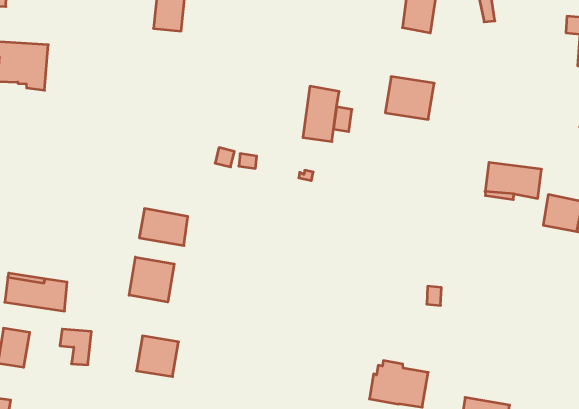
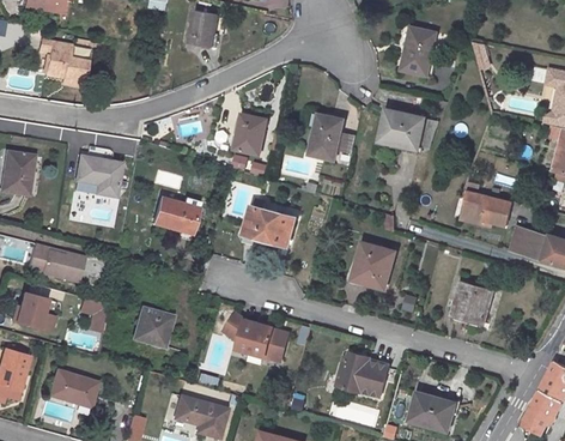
building: none -> [231,113,263,155]
building: none -> [78,156,123,197]
building: none -> [245,198,296,243]
building: none -> [356,241,397,285]
building: [129,257,174,302] -> none
building: none -> [452,282,493,324]
building: none -> [232,316,279,358]

